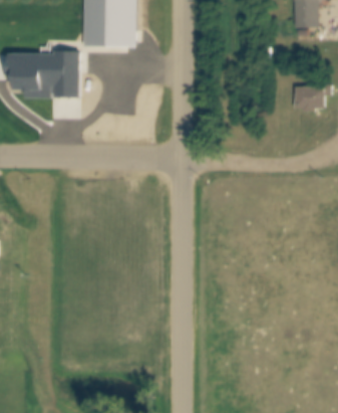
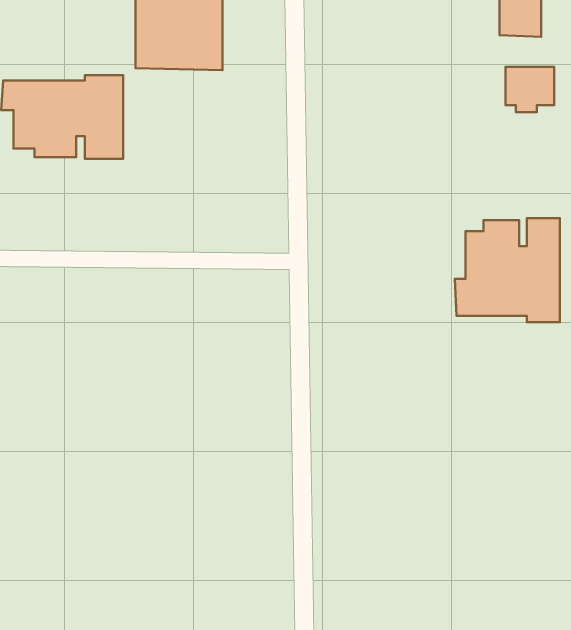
building: [295,86,323,113] -> [505,67,554,112]
building: none -> [455,218,560,322]

